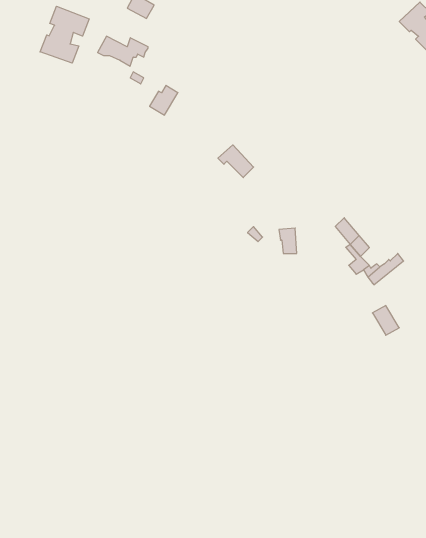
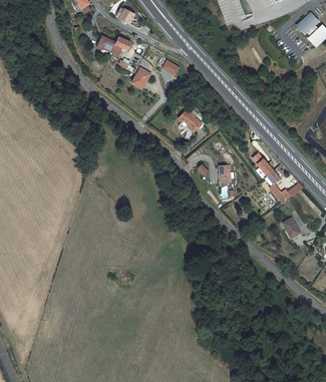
building: [40,6,89,63] -> none

